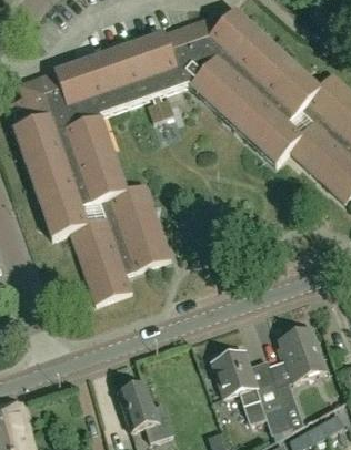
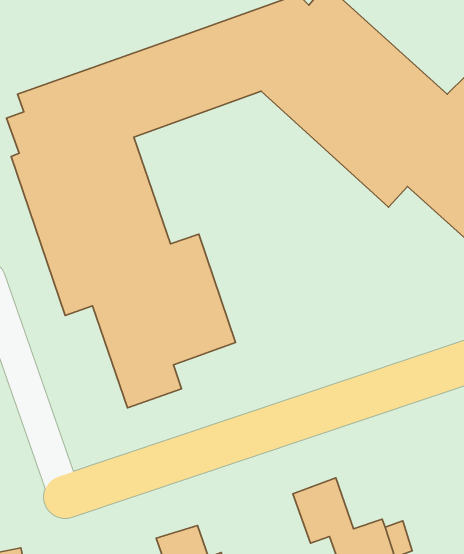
building: [279,329,324,380] -> none

